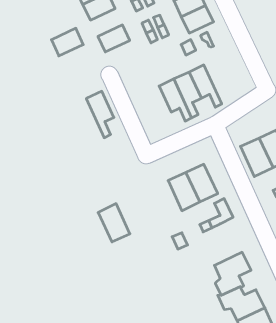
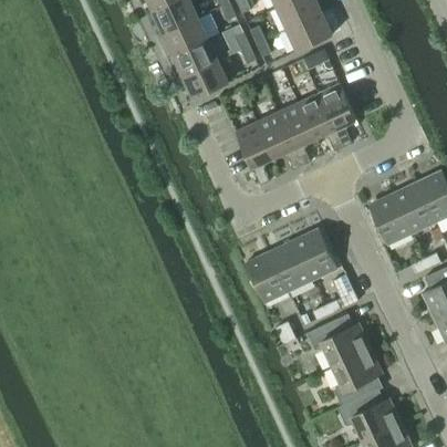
building: [51,28,83,56] -> [164,18,207,55]
building: none -> [184,61,228,100]
building: none -> [318,84,355,147]
building: [86,91,114,138] -> [236,123,273,186]
building: [98,204,130,242] -> [245,251,288,303]
building: none -> [306,319,370,366]

